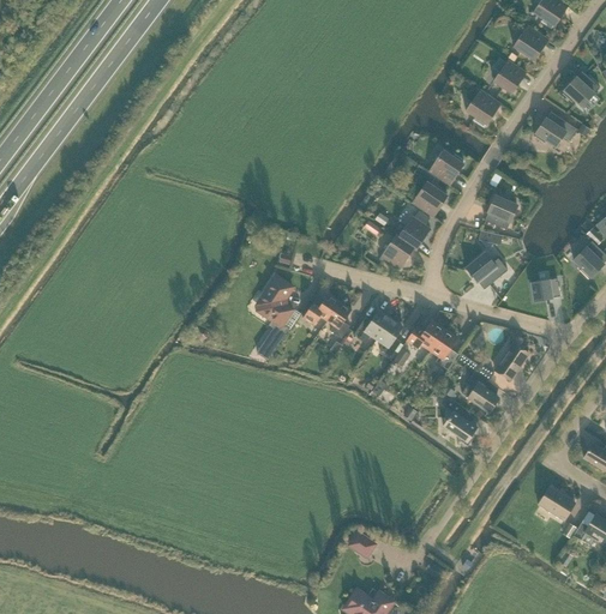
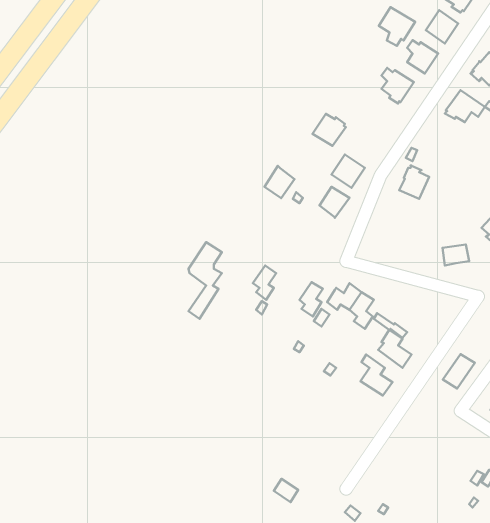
building: none -> [379,7,415,46]
building: [428,150,464,185] -> [313,114,346,146]
building: [382,234,414,269] -> [265,166,295,198]
building: [466,252,508,289] -> none
building: [302,293,340,325] -> none
building: [354,311,390,342] -> none
building: [494,343,529,380] -> [443,354,475,388]
building: [538,486,575,520] -> none

